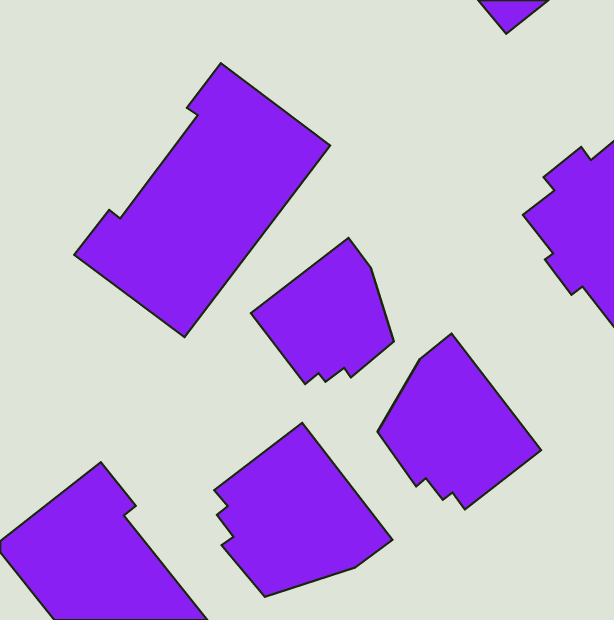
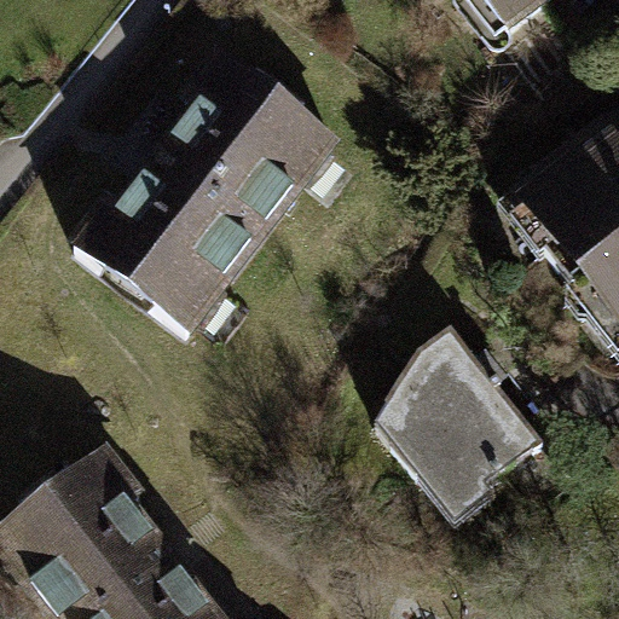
building: [251,238,394,384] -> none
building: [214,423,393,597] -> none

